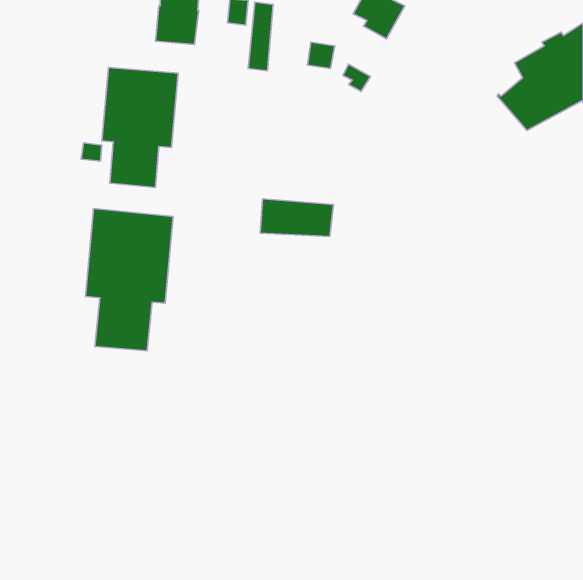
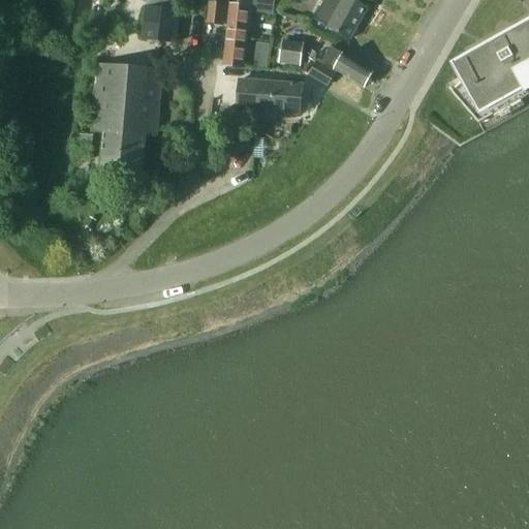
building: none -> [322,44,373,84]
building: [260,199,333,236] -> [236,76,302,111]
building: [85,208,173,351] -> none

